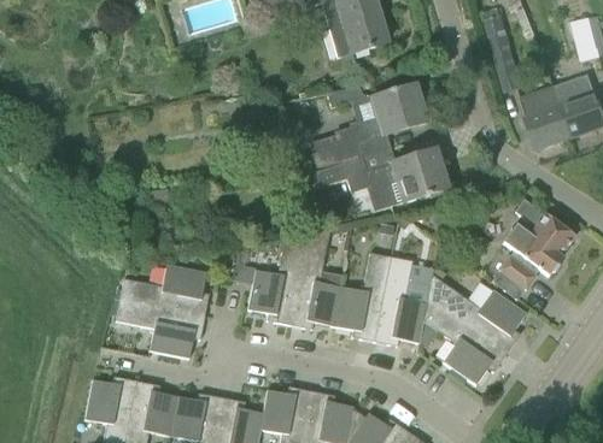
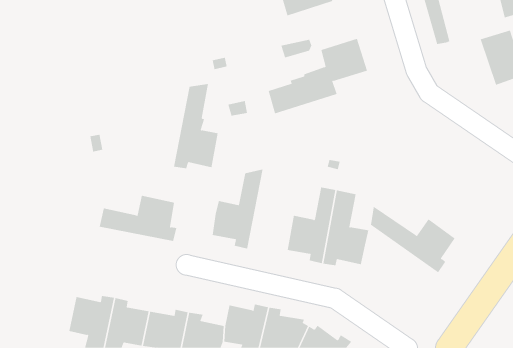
building: [520,85,572,150] -> none
building: [315,148,446,207] -> none
building: [498,199,574,288] -> none
building: [288,230,340,327] -> [173,83,218,169]
building: [423,297,507,385] -> none
building: [115,300,204,359] -> none

